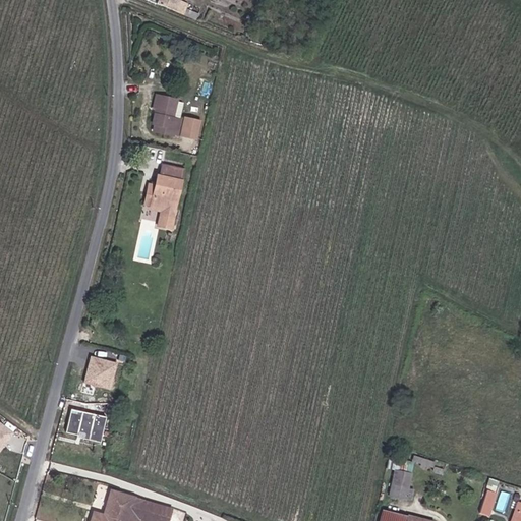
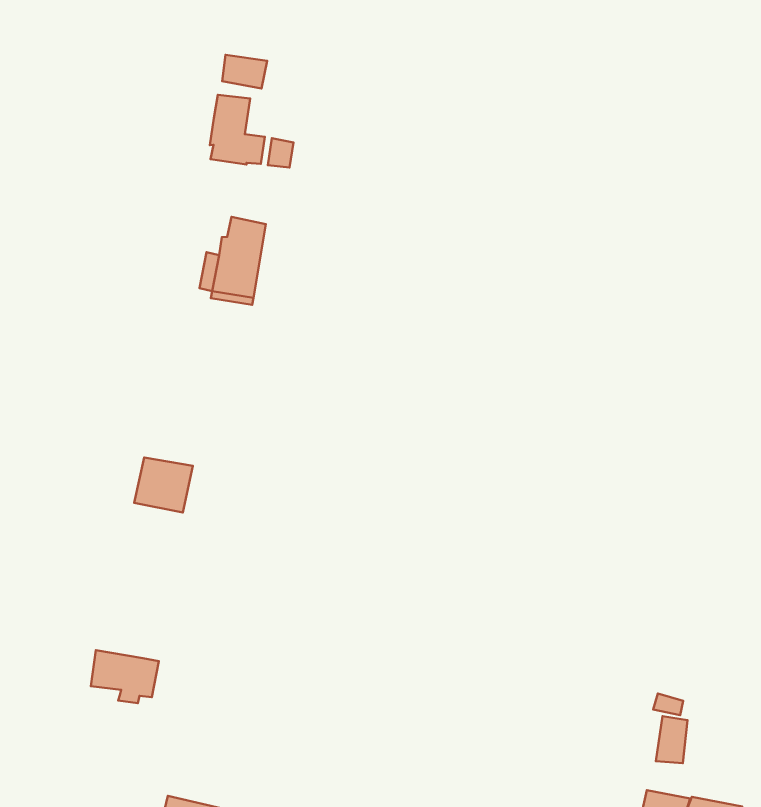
building: none -> [222,55,267,88]
building: [82,356,117,389] -> [134,458,193,513]

